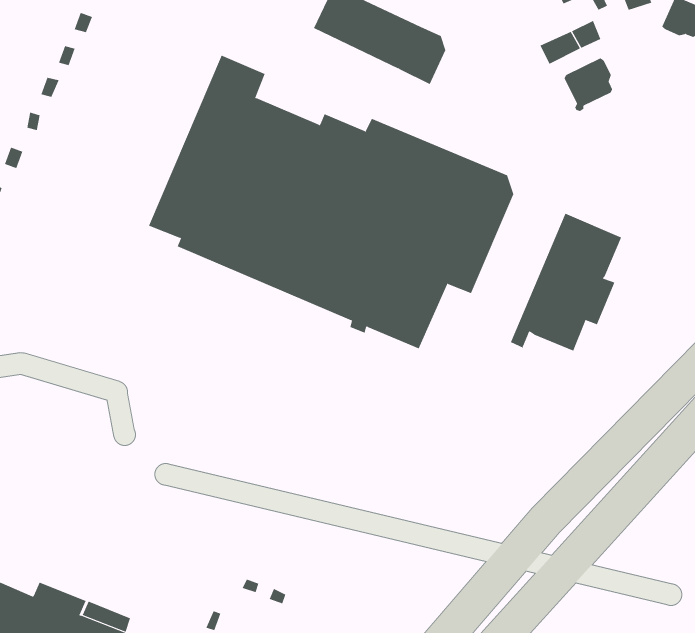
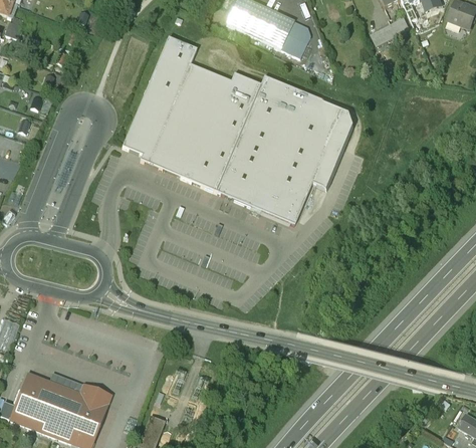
building: [564,57,613,112] -> none
building: [510,213,622,351] -> none

